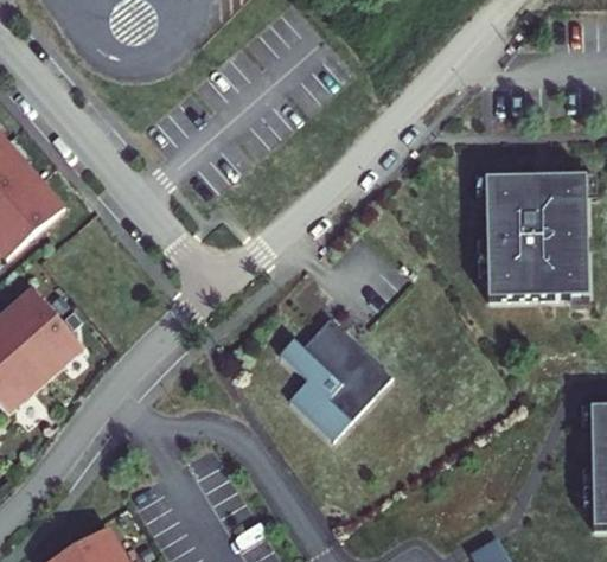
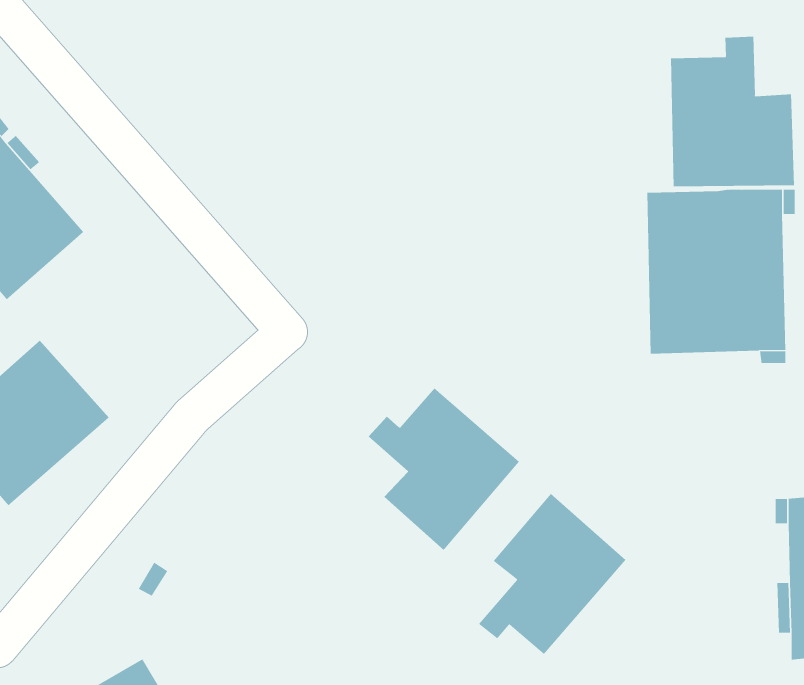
building: none -> [671,36,794,187]
building: none -> [478,493,626,655]

